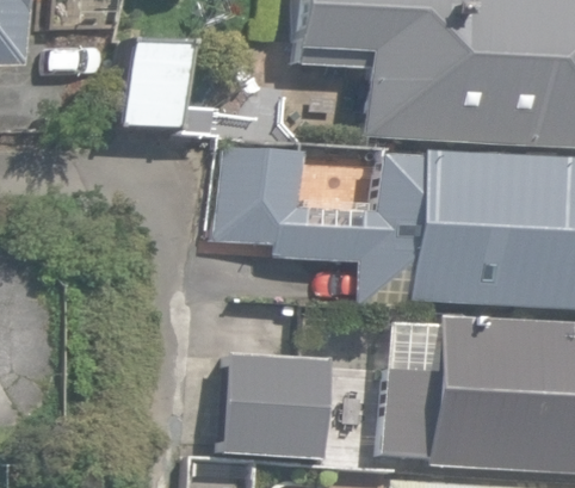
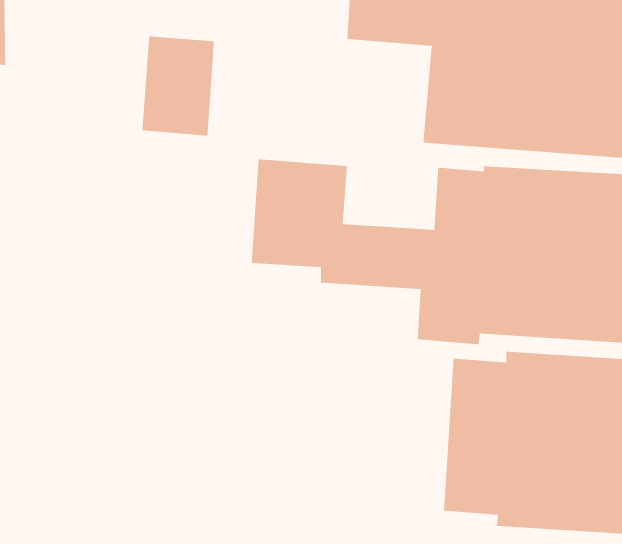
building: [223,352,328,458] -> none

